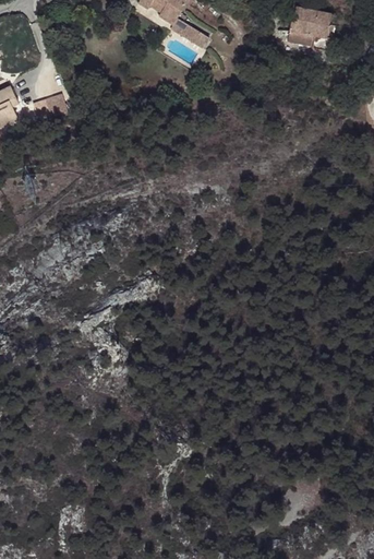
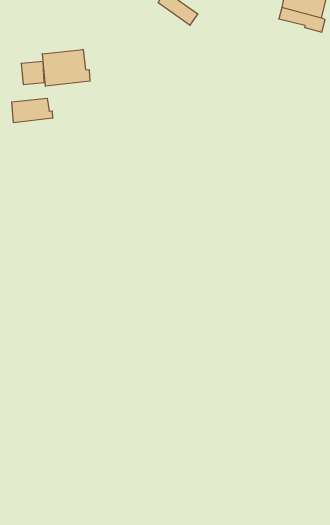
building: none -> [42,49,90,86]
building: none -> [12,98,53,123]

